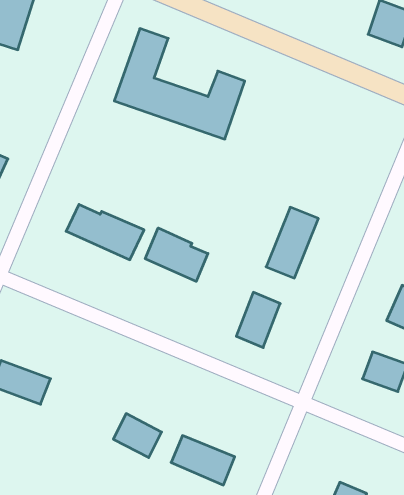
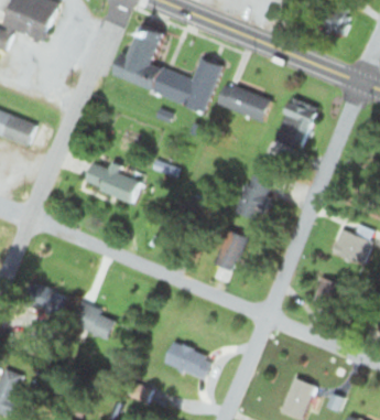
building: none -> [215,82,270,120]
building: none -> [273,96,315,150]
building: [145,228,208,281] -> none
building: [113,414,162,458] -> [78,306,116,341]

